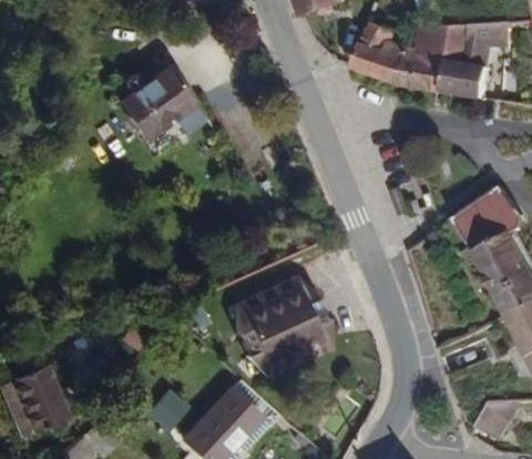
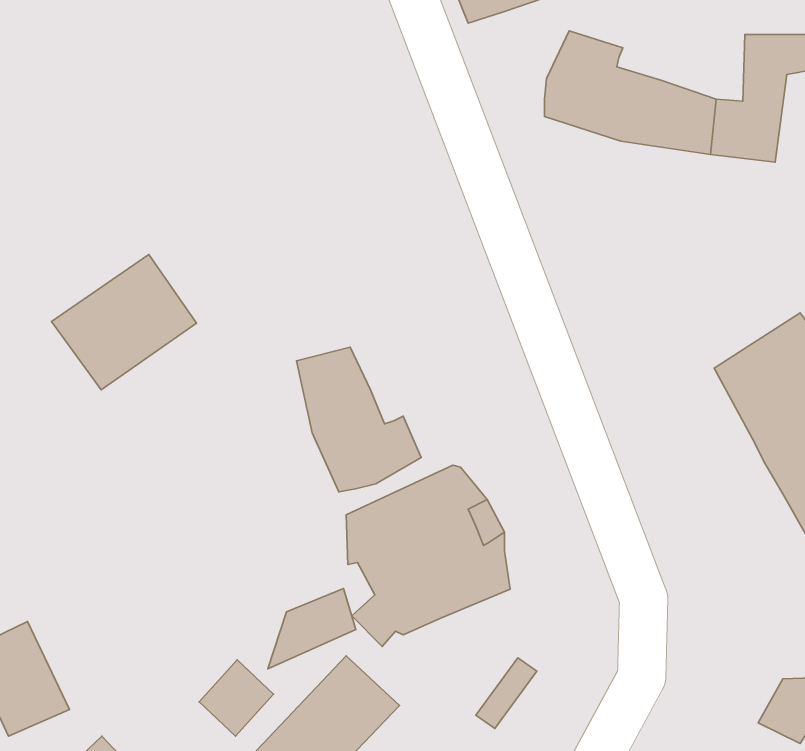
building: [417,20,466,63] -> none
building: [119,63,203,142] -> [52,255,197,390]
building: none -> [297,347,421,492]
building: none -> [268,589,356,669]

